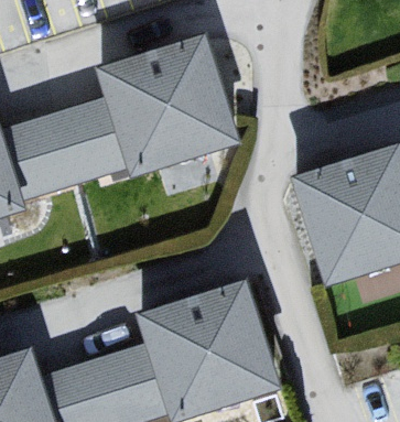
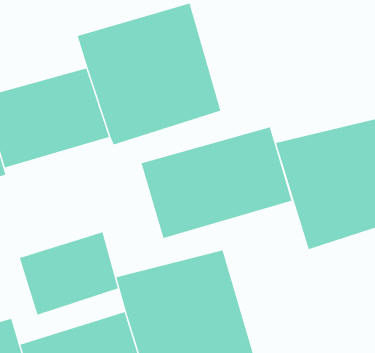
building: none -> [141,126,292,239]
building: none -> [19,231,118,315]

